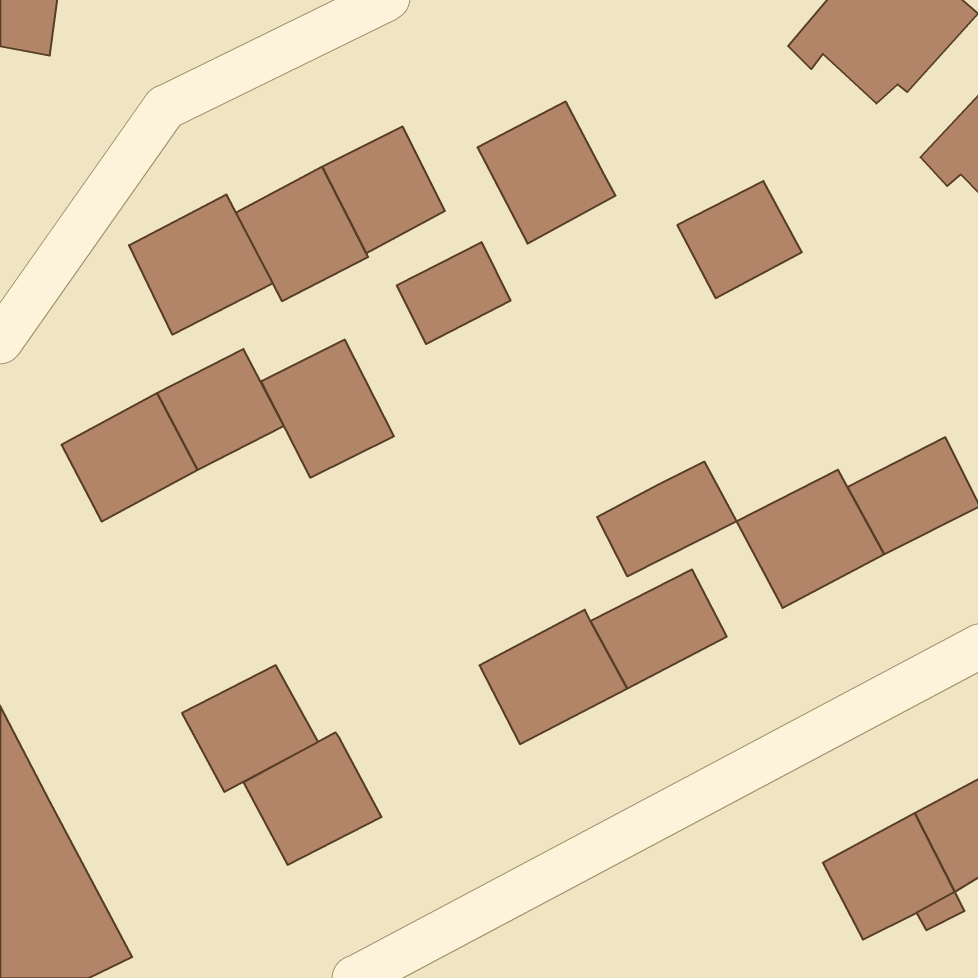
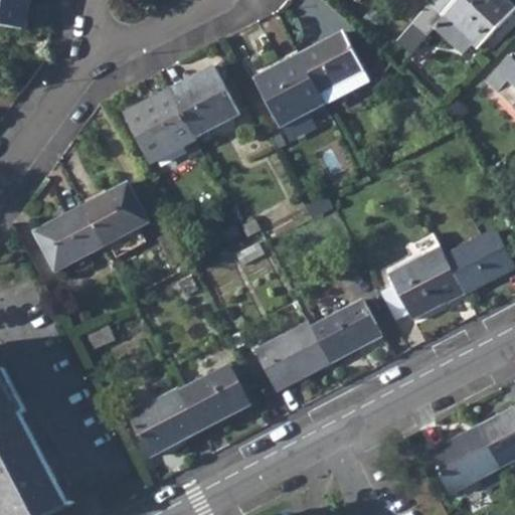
building: [677,181,802,298] -> [298,30,363,92]
building: [129,194,273,335] -> none
building: [397,242,510,344] -> none
building: [261,340,394,478] -> none
building: [597,462,736,576] -> none
building: [182,665,318,792] -> [179,362,250,428]

